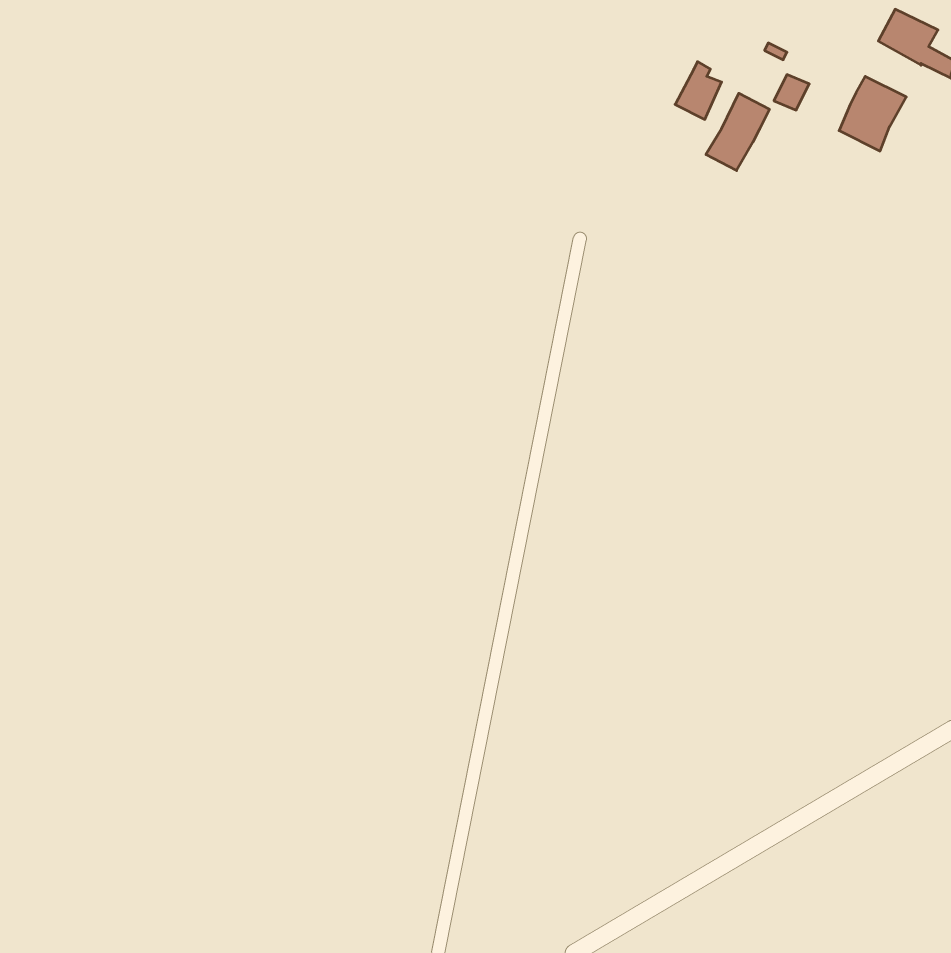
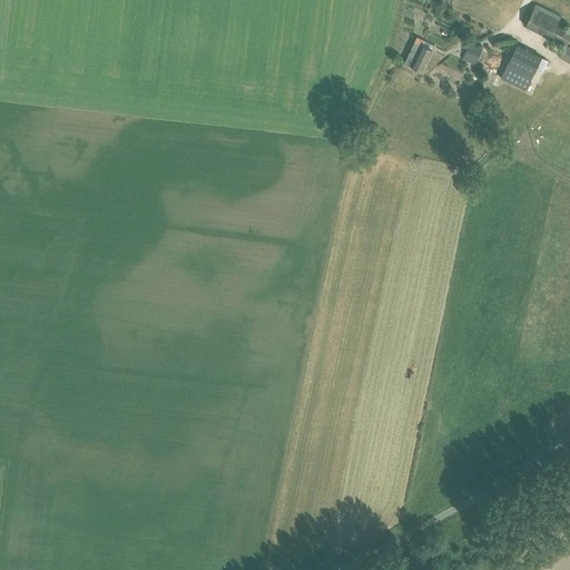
building: [706,93,769,171] -> none

